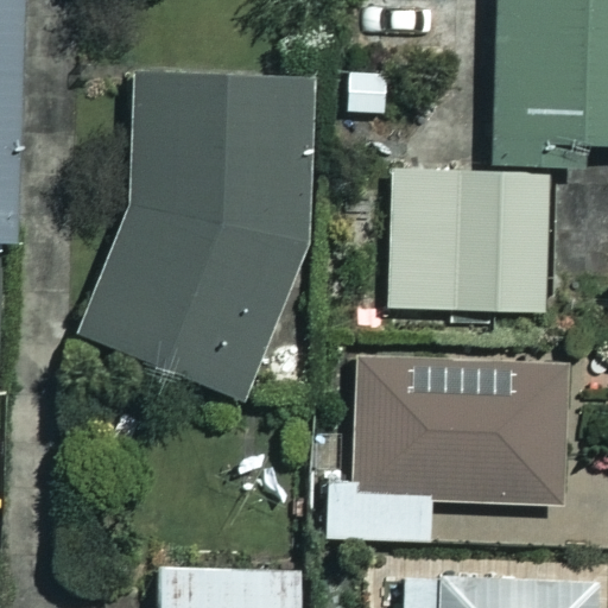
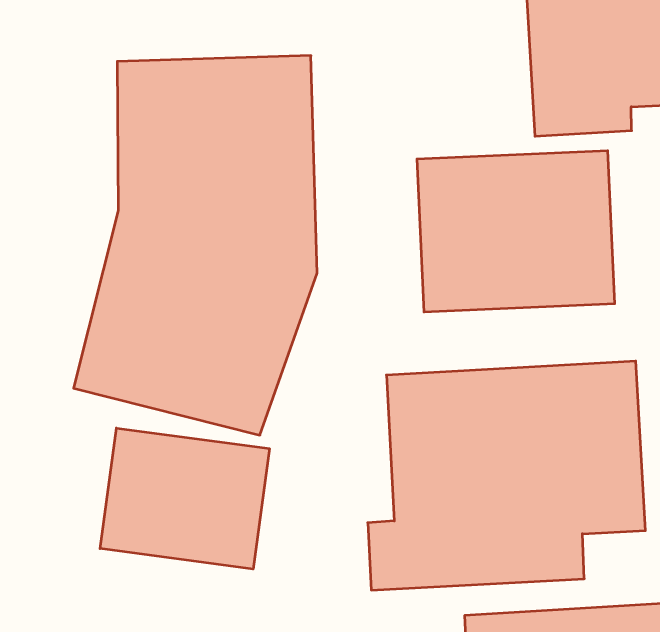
building: none -> [100,428,269,569]

